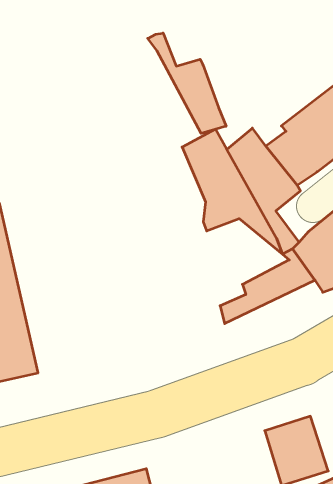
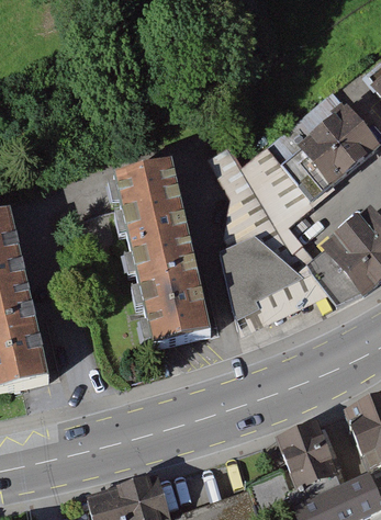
building: [148,33,226,133] -> none
building: none -> [117,166,217,347]
building: none -> [216,230,301,316]

